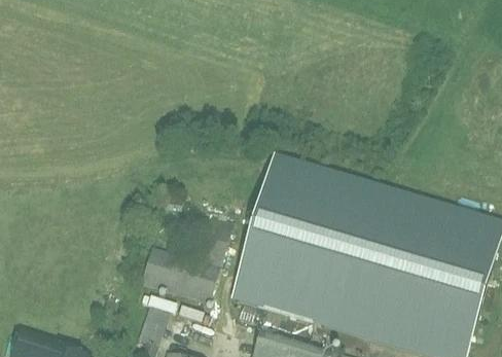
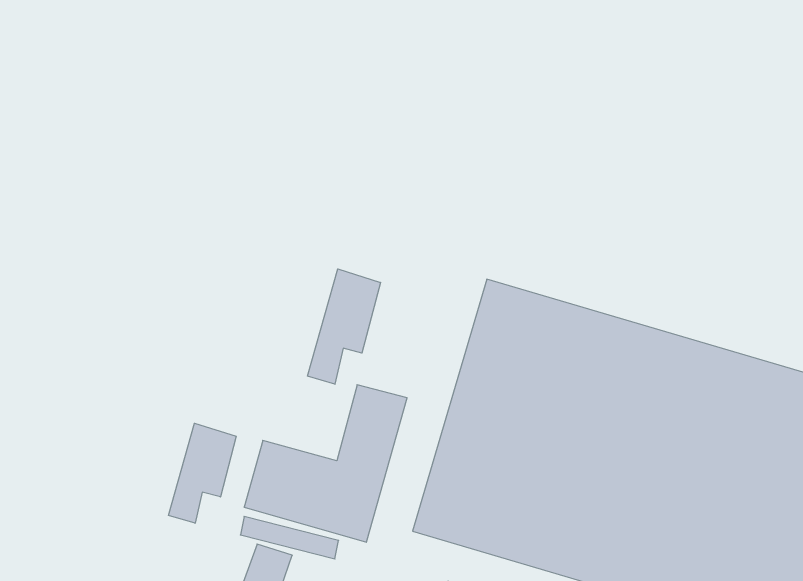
building: none -> [307,269,381,384]
building: none -> [168,423,236,523]

